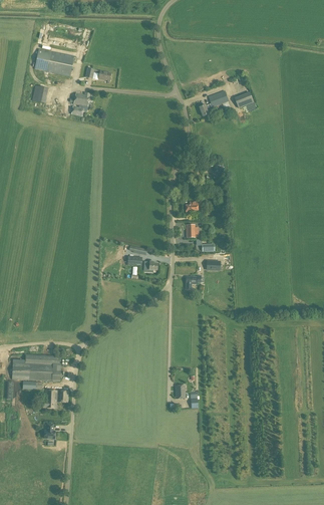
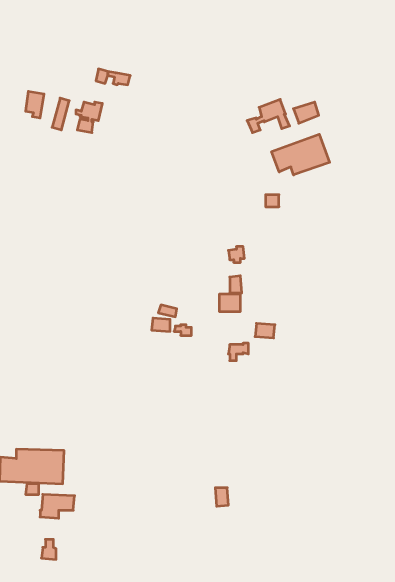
building: [33,48,73,76] -> none
building: none -> [272,134,330,175]

